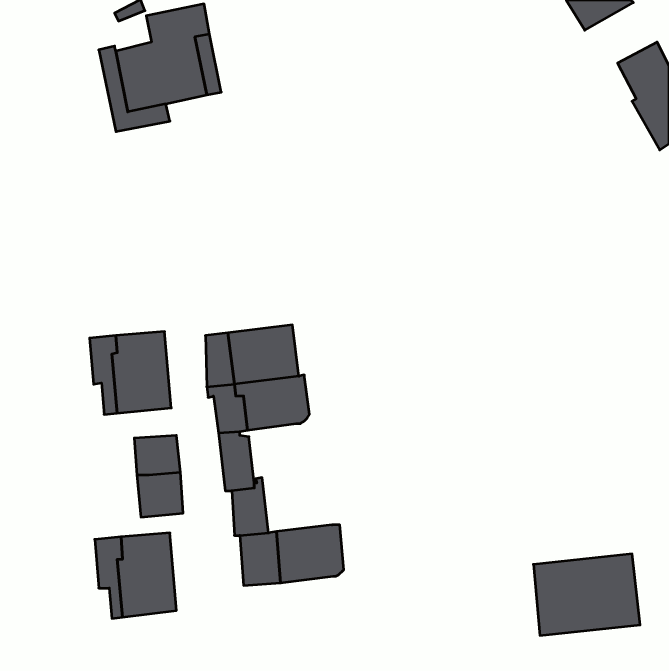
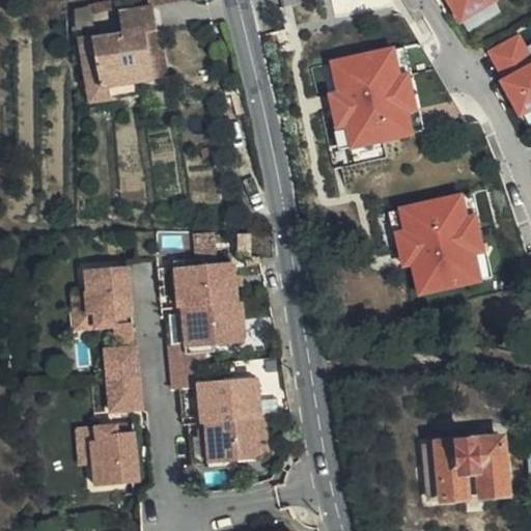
building: none -> [328,46,418,149]
building: none -> [394,192,485,296]
building: none -> [206,372,261,421]

